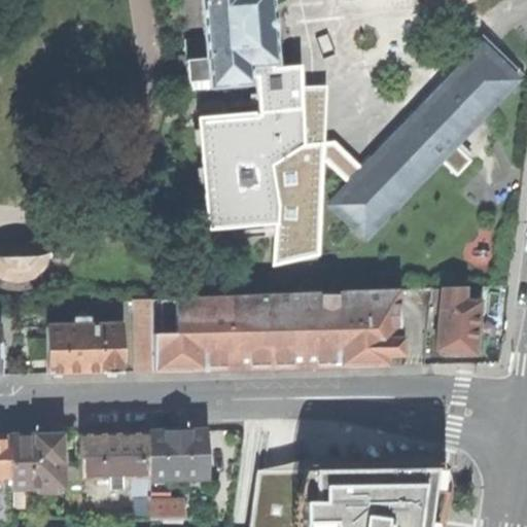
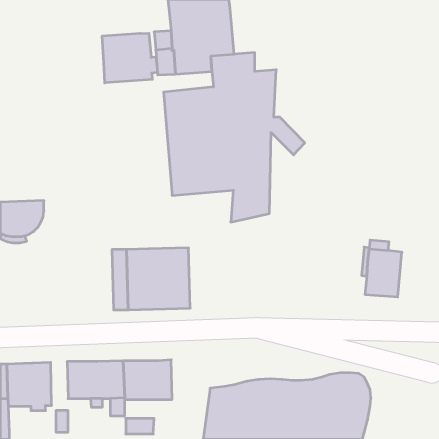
building: none -> [102,33,157,83]
building: [333,47,517,237] -> none
building: [226,290,403,368] -> none
building: [48,324,124,373] -> none

